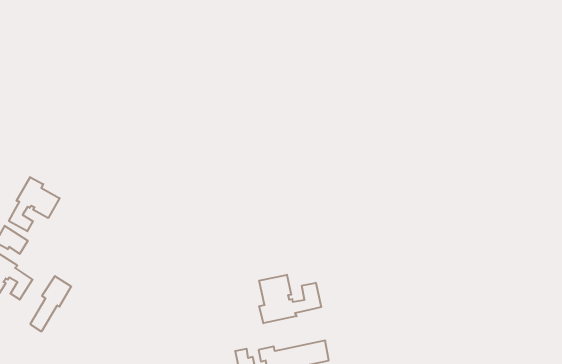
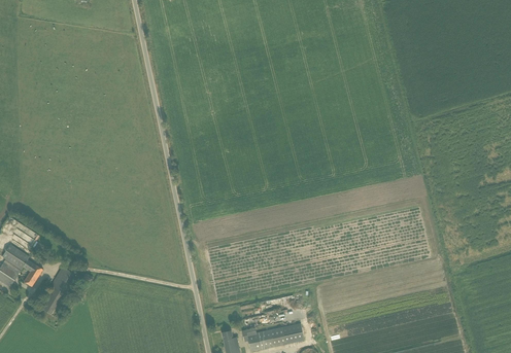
building: [9,177,60,231] -> none
building: [259,275,321,323] -> none

